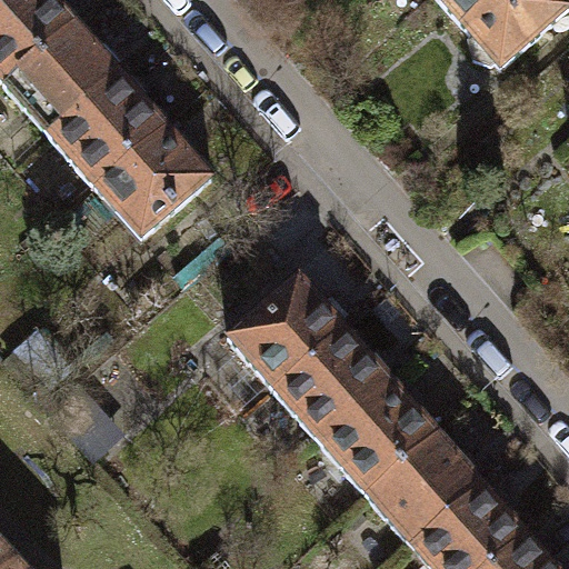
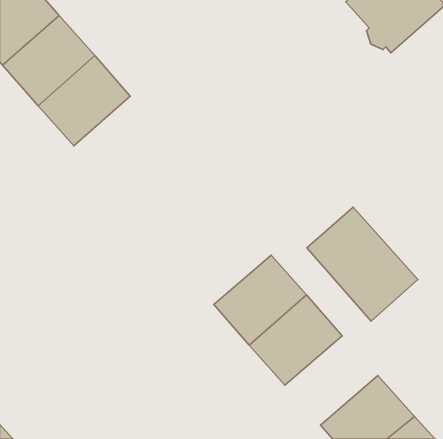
building: [94,123,213,240] -> none
building: none -> [307,207,418,321]
building: [227,272,347,390] -> none
building: [365,430,483,545] -> none

